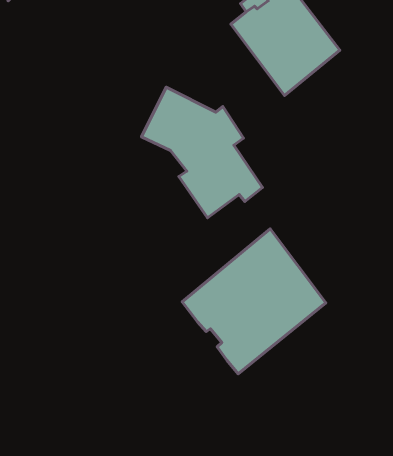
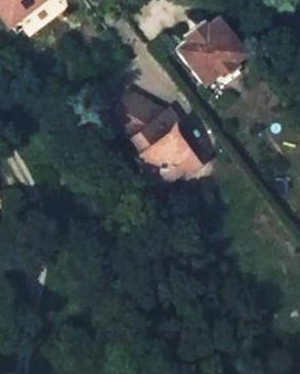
building: [182,229,326,374] -> none

